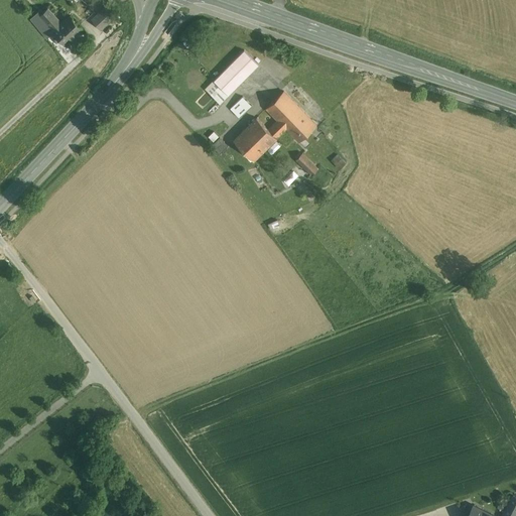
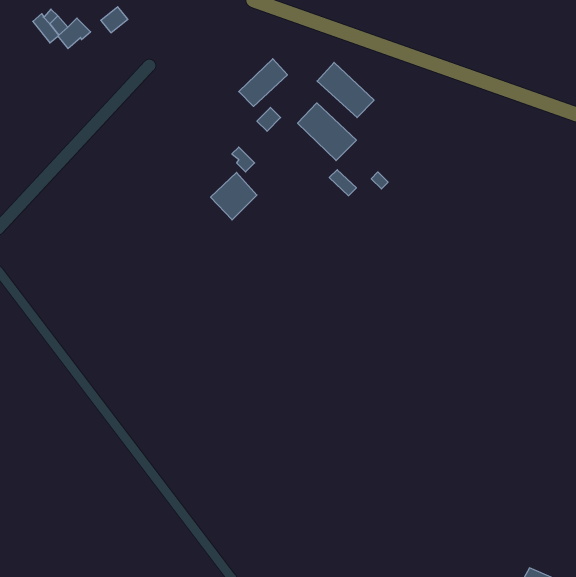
building: none -> [317,62,374,118]
building: [233,119,274,161] -> [211,172,257,220]

